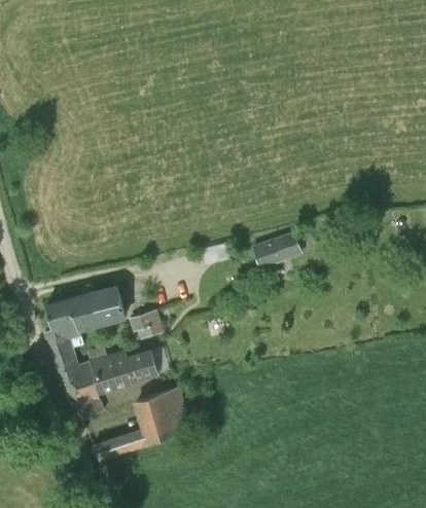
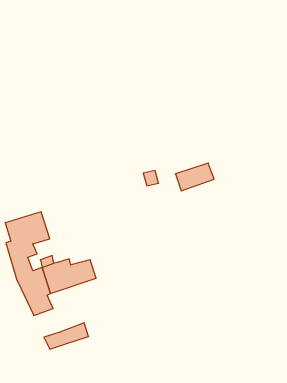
building: [90,284,125,325] -> none
building: [130,310,163,337] -> none
building: [135,388,191,444] -> none

